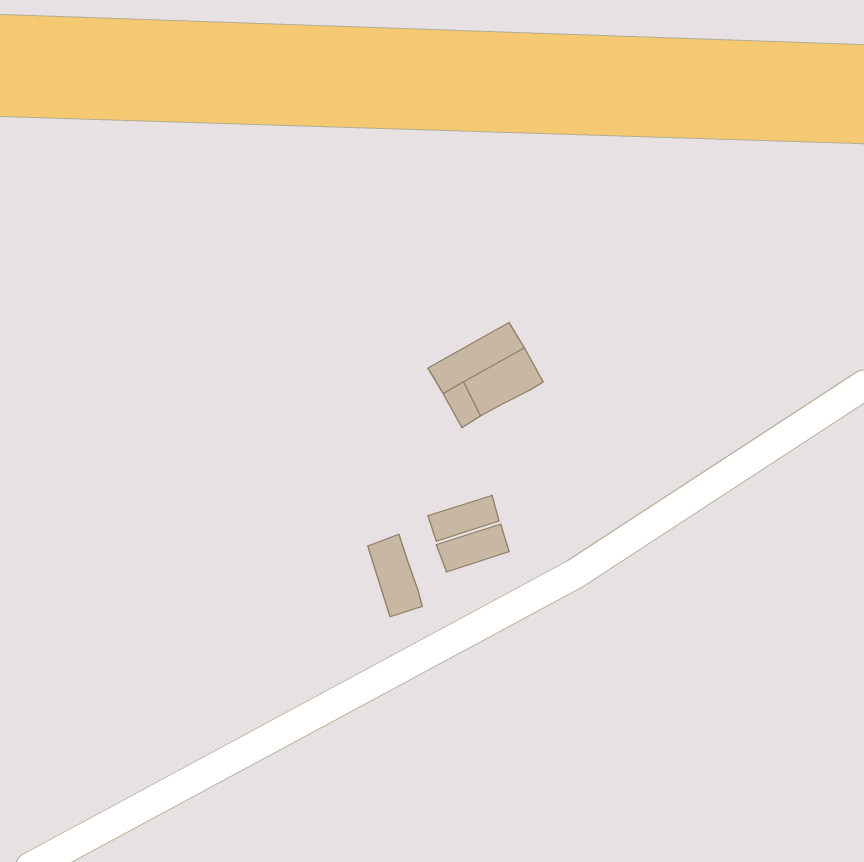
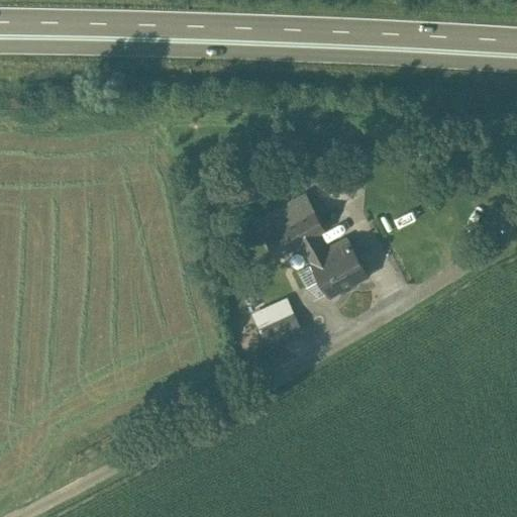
building: none -> [299,235,366,296]
building: [368,534,422,617] -> none

